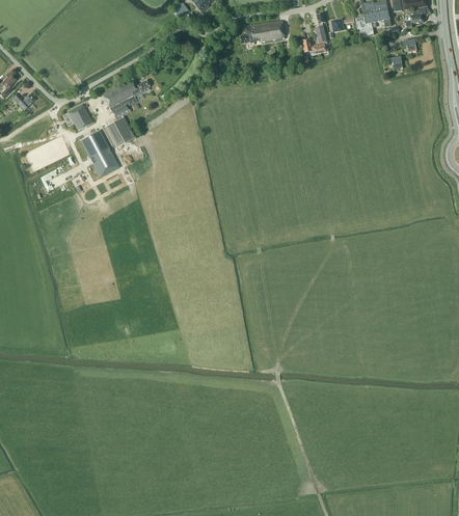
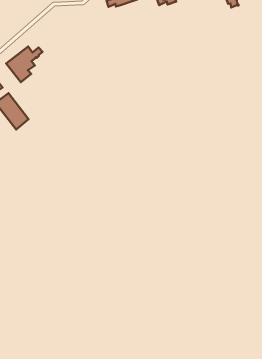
building: [104,115,135,147] -> none

